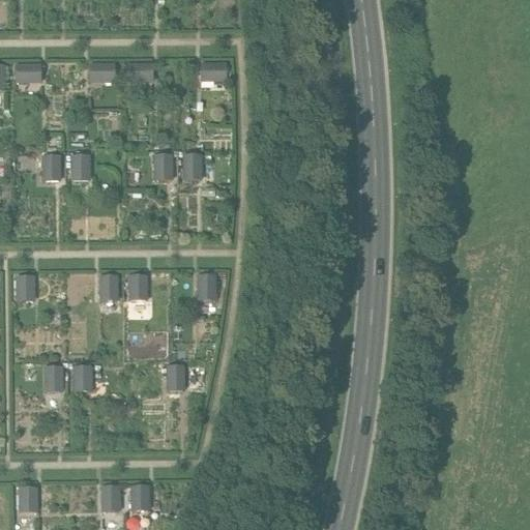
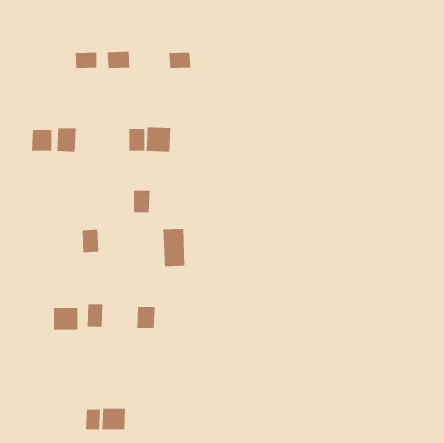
building: [14,61,41,83] -> none
building: [12,274,37,302] -> none
building: [127,274,148,301] -> [133,190,150,213]
building: [42,365,62,393] -> [87,304,103,327]
building: [17,488,39,513] -> none

